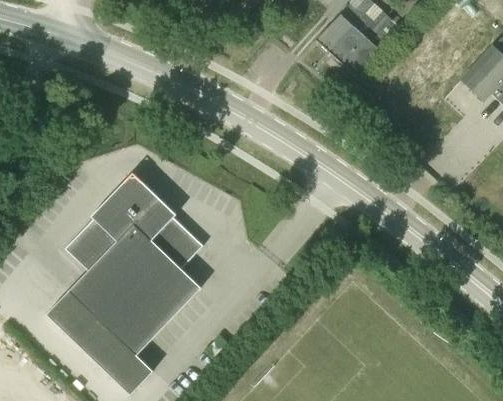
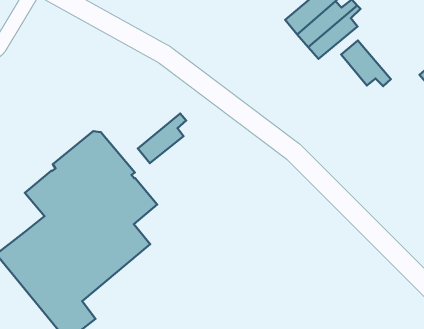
building: none -> [341,41,391,86]
building: none -> [138,114,186,163]

